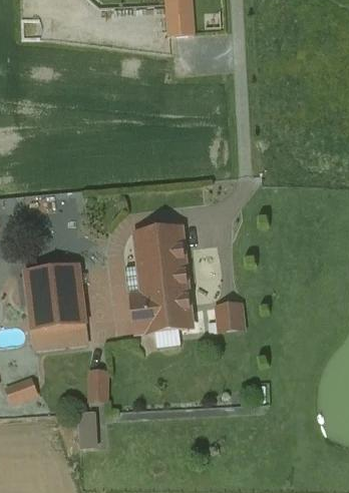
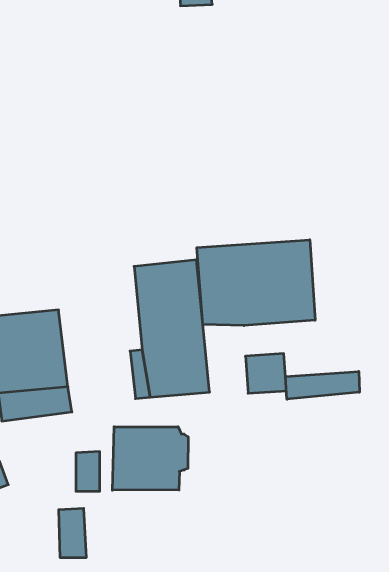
building: none -> [197,240,315,326]
building: none -> [286,371,359,399]
building: none -> [112,427,188,490]

